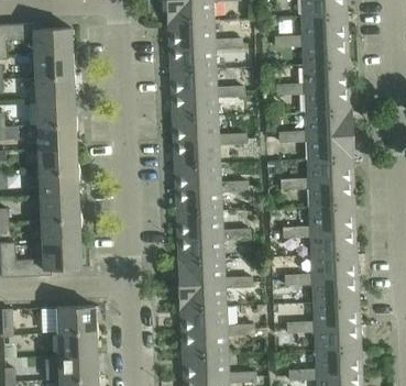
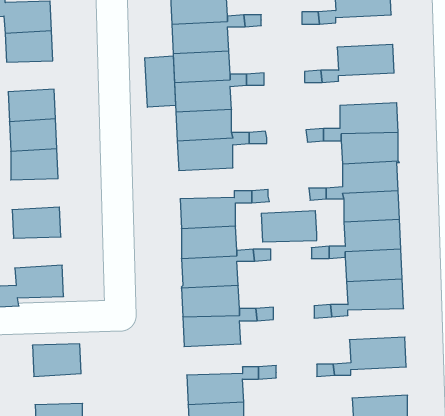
building: [303,38,349,65] -> none
building: none -> [145,56,176,107]
building: [35,76,74,101] -> none
building: [305,86,352,112] -> none
building: [175,163,220,188] -> [261,211,317,242]
building: [39,172,78,197] -> none
building: [41,219,80,244] -> none
building: [312,277,359,302] -> none
building: [179,306,227,331] -> none
building: [315,324,361,350] -> none
building: [57,330,97,355] -> none

